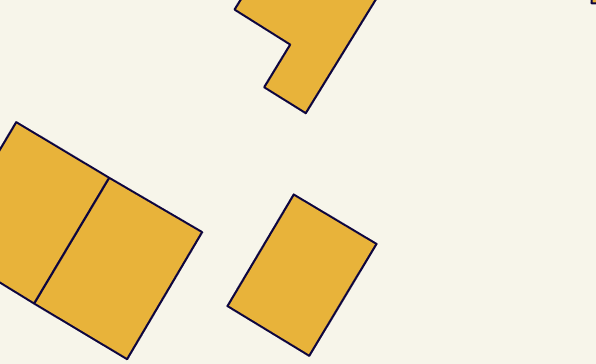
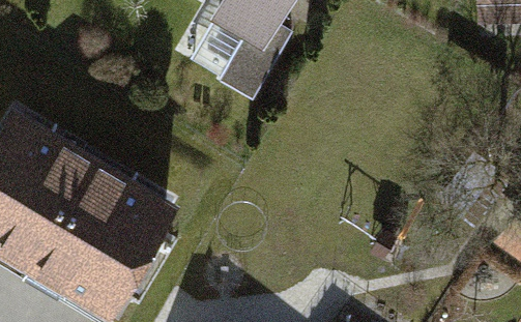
building: [227,194,377,356] -> none

